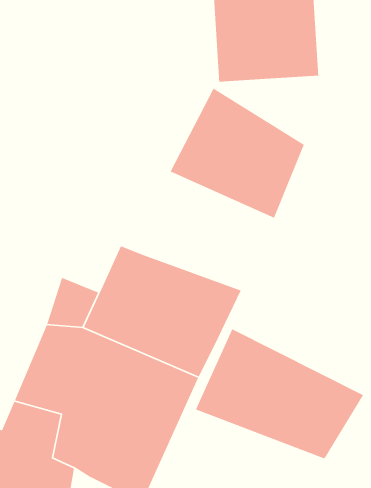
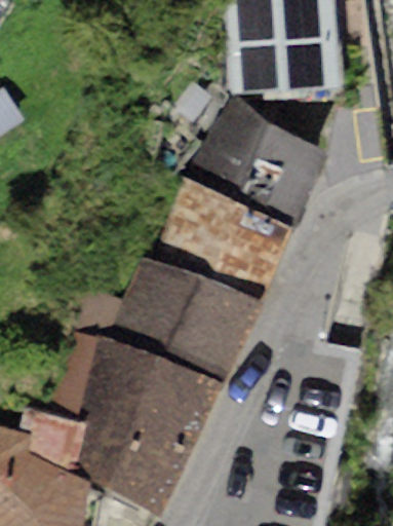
building: none -> [160,178,294,300]
building: [195,328,364,460] -> none

